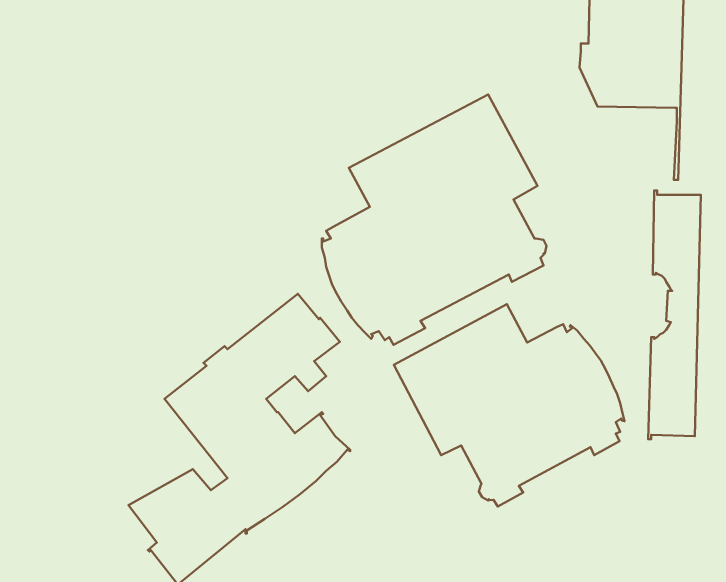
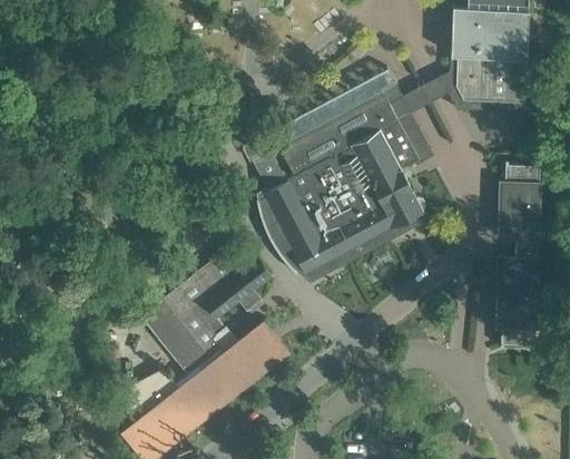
building: none -> [244,69,522,191]
building: [394,304,625,506] -> none

